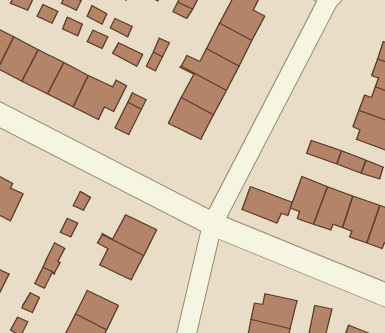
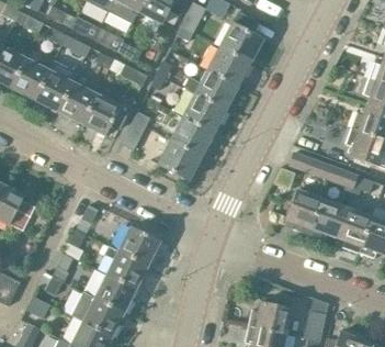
building: none -> [158,139,202,180]
building: [242,187,292,223] -> none
building: none -> [94,273,136,312]

